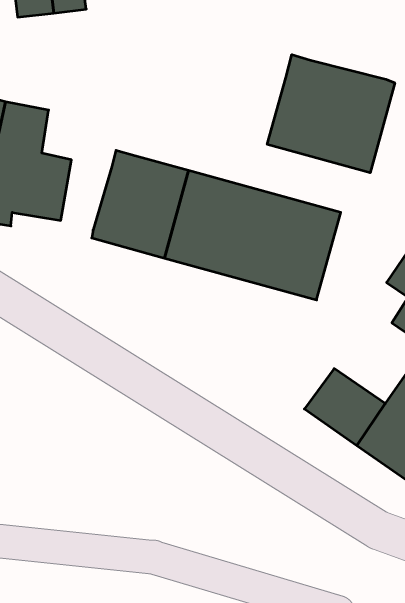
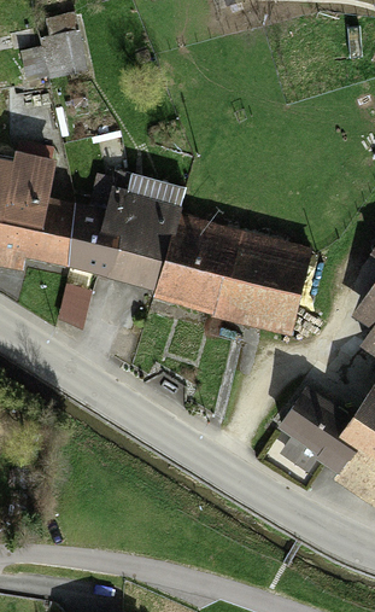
building: [267,55,395,173] -> none
building: none -> [129,174,183,212]
building: none -> [63,203,109,266]

